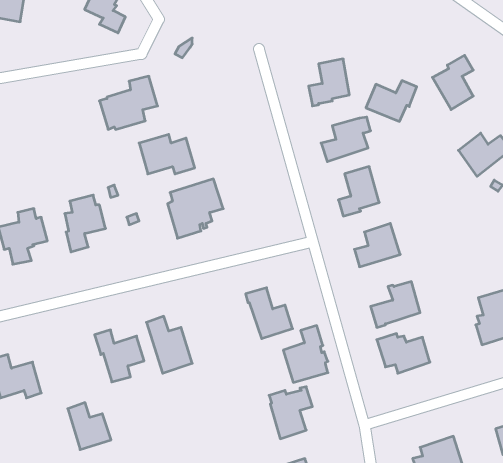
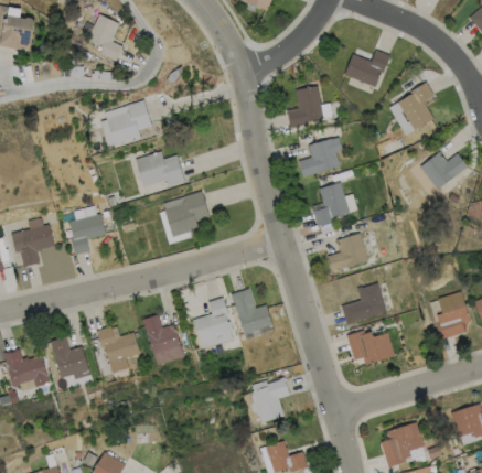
building: [366,81,417,121] -> [344,50,389,86]
building: [283,326,328,382] -> [193,298,233,348]
building: [68,403,111,450] -> [50,336,88,378]

